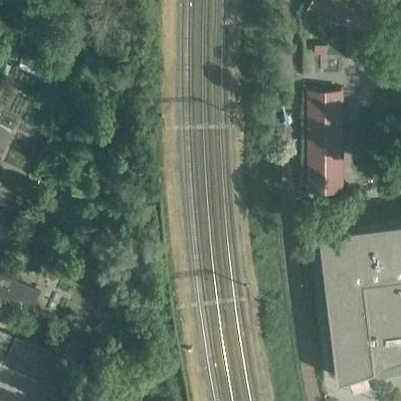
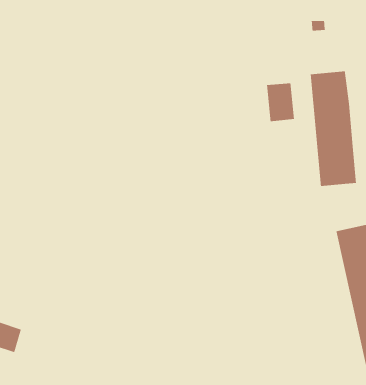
building: none -> [266,83,295,122]

